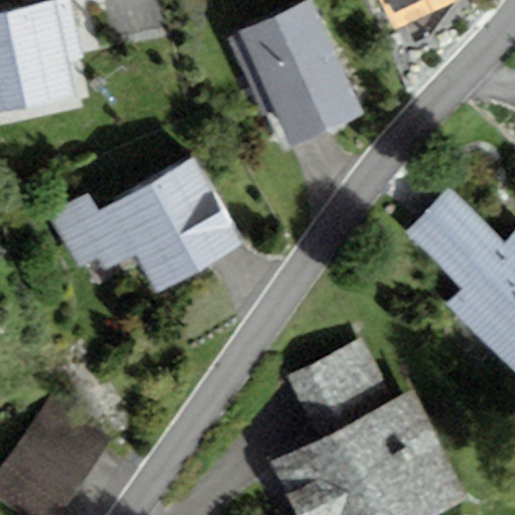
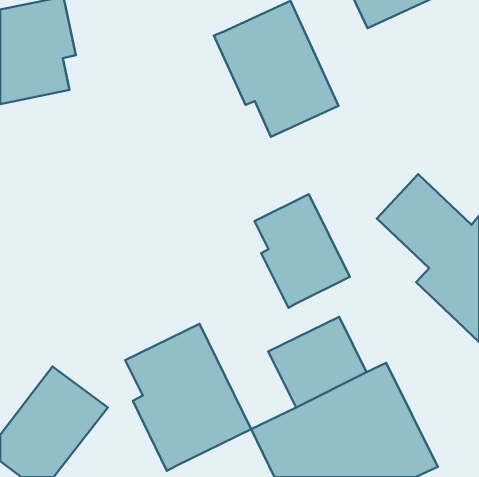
building: [50,155,242,295] -> none
building: none -> [254,194,350,308]
building: none -> [125,324,251,471]

